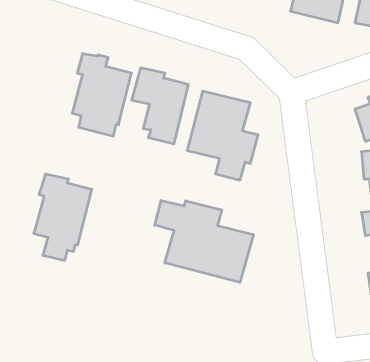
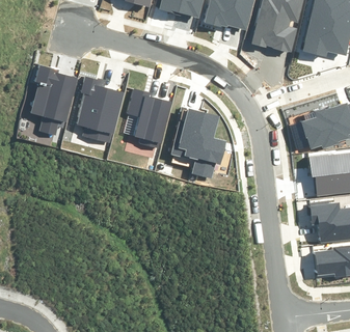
building: [34,174,92,260] -> [30,64,77,134]
building: [155,200,253,282] -> none

